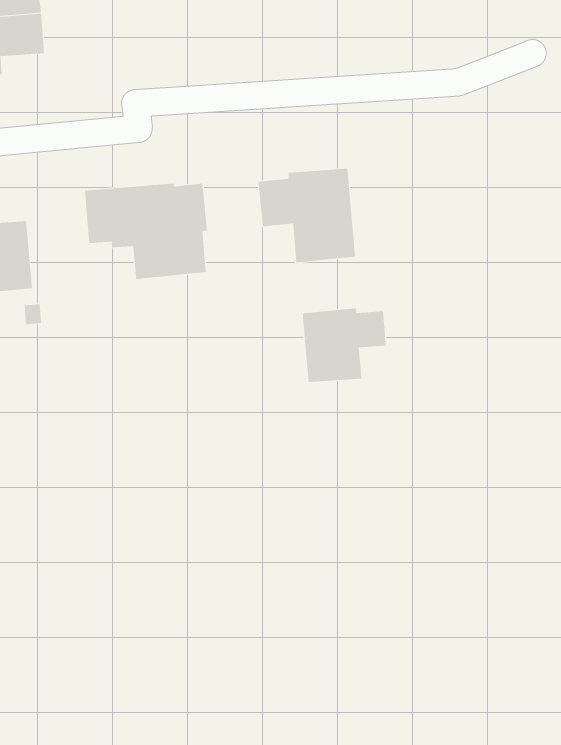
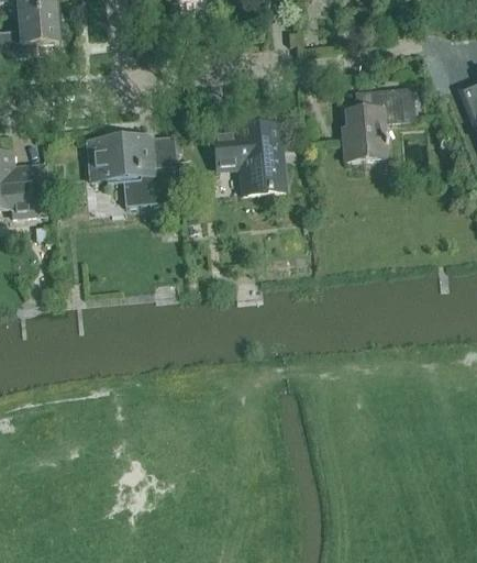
building: none -> [342,86,414,159]
building: [302,308,386,383] -> none

